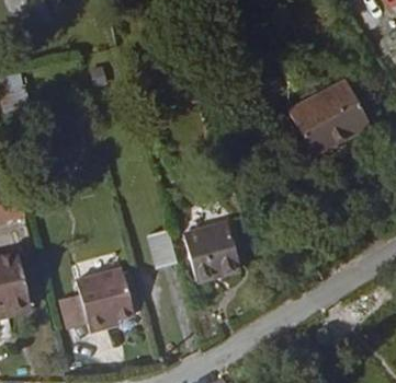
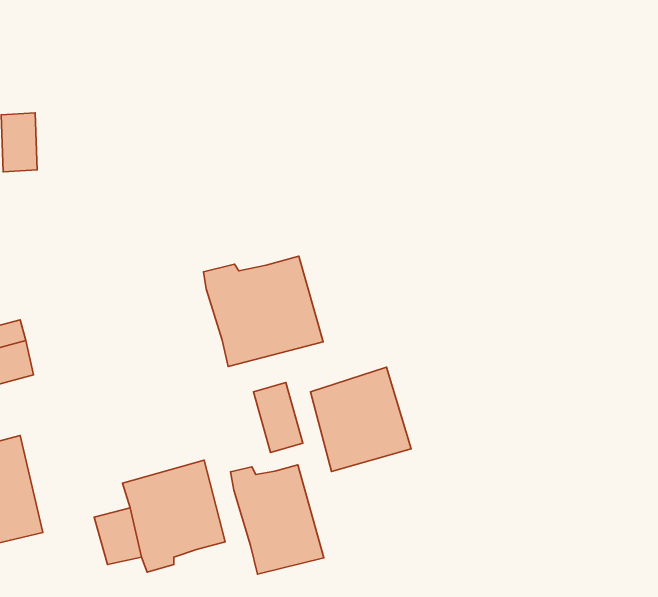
building: [291,78,372,154] -> none
building: none -> [204,256,323,367]
building: none -> [230,465,324,574]

